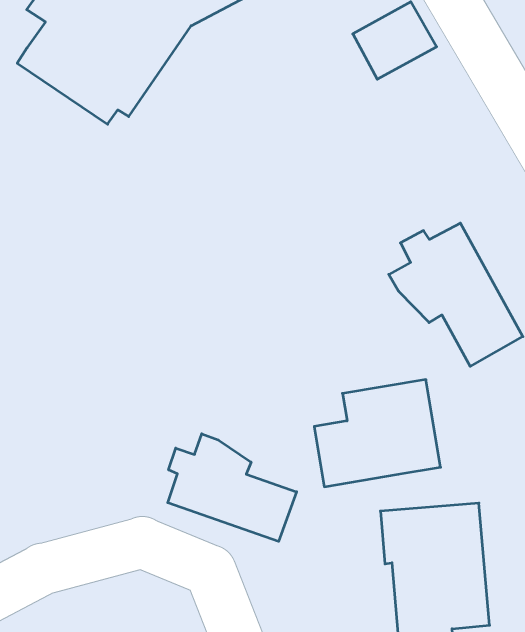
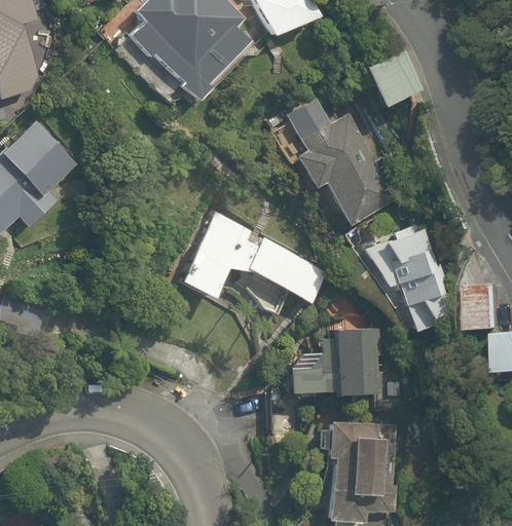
building: none -> [289,110,396,226]
building: none -> [179,206,325,303]
building: [168,434,297,541] -> none

